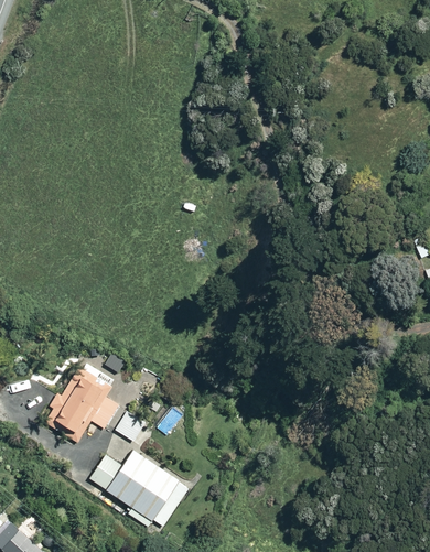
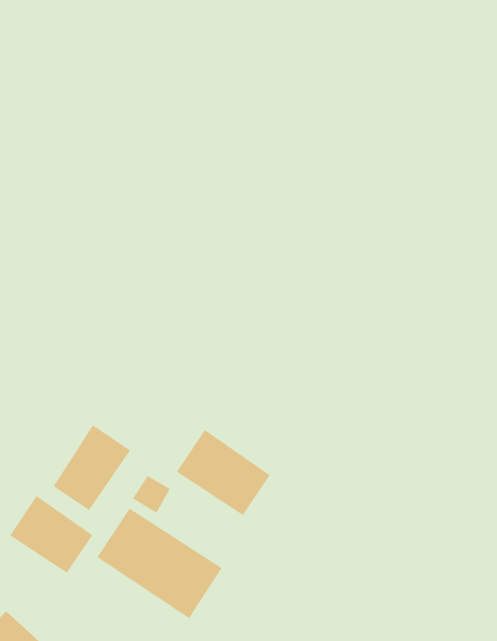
building: none -> [176,429,271,516]
building: none -> [10,495,93,574]

